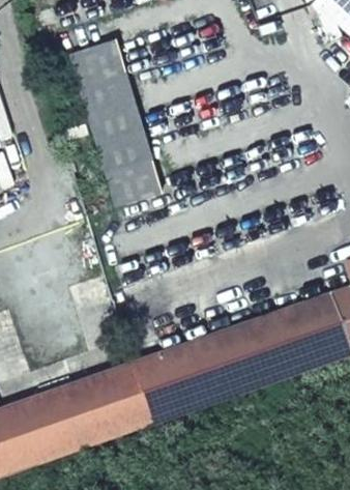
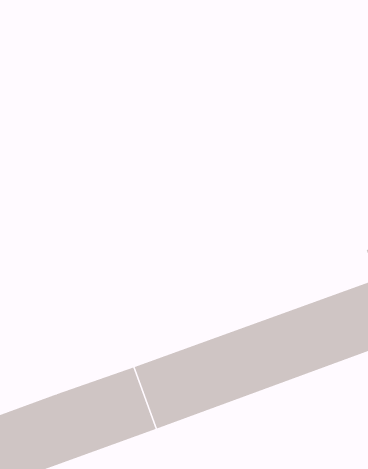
building: [69,41,162,207] -> none

